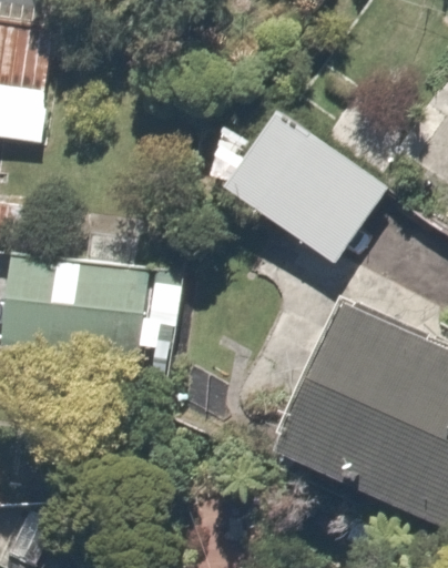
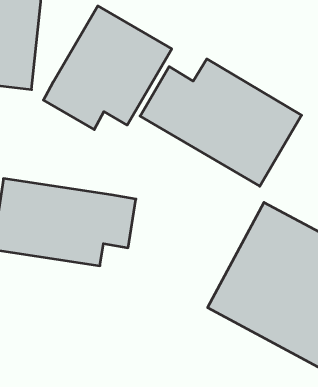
building: none -> [43,6,172,130]

